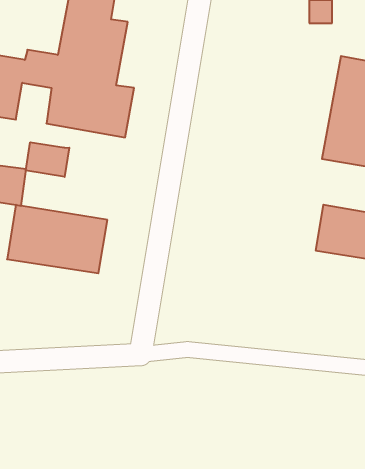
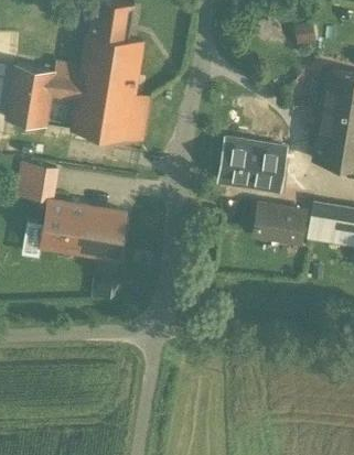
building: none -> [217,129,286,203]
building: [26,142,69,177] -> none
building: none -> [254,206,302,243]

